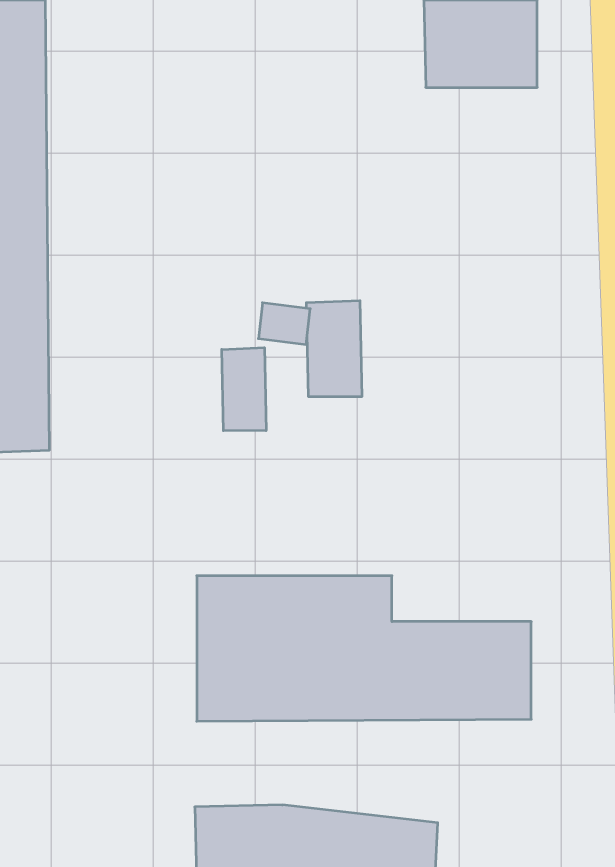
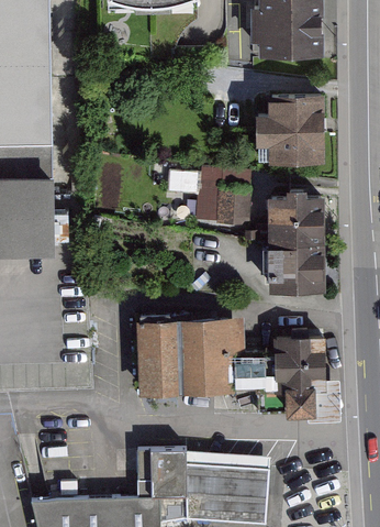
building: none -> [268,101,322,162]
building: [222,348,266,431] -> none
building: none -> [270,202,324,294]

